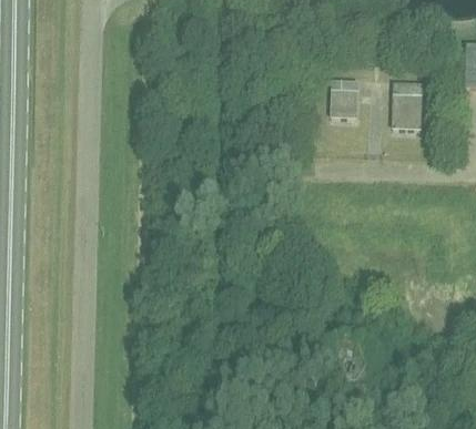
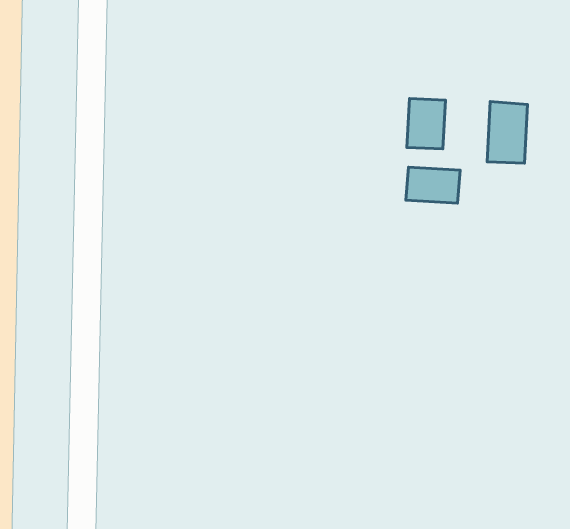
building: none -> [406,167,460,203]

